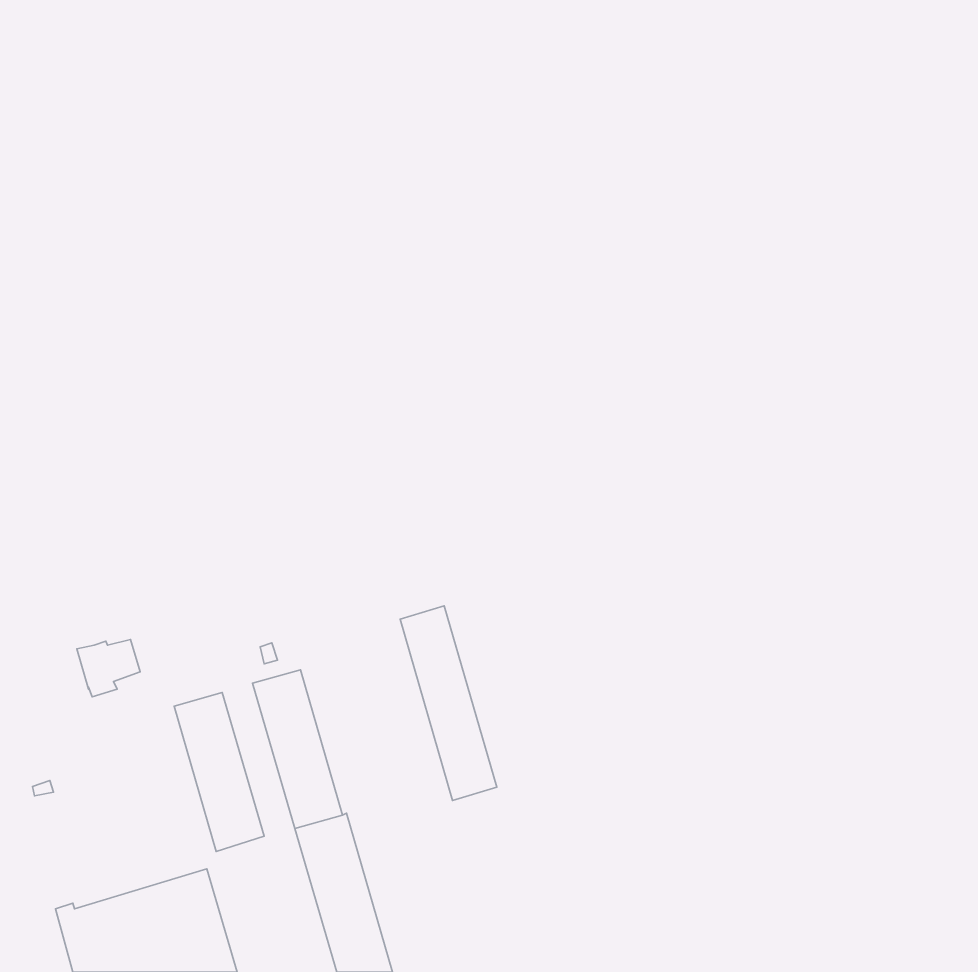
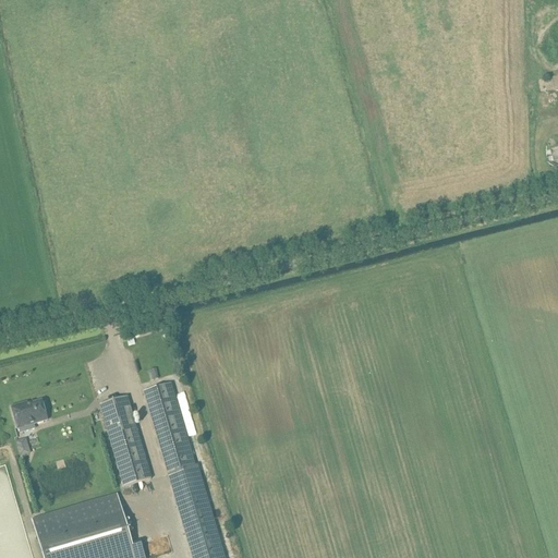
building: [400,606,497,800] -> none
building: [77,639,140,697] -> [11,399,47,432]

